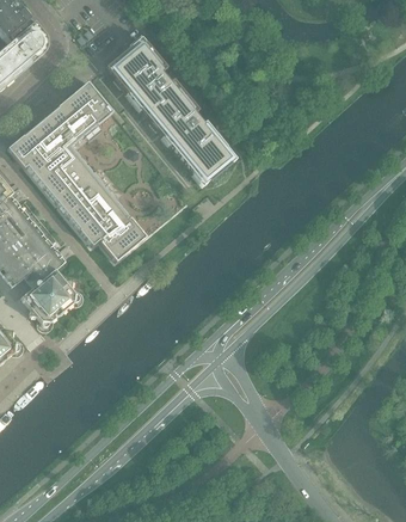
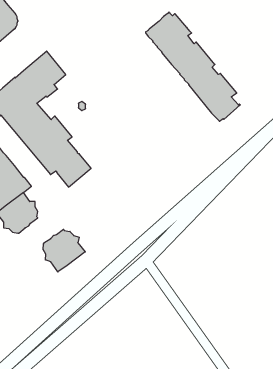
building: [104,38,229,183] -> [146,12,240,121]
building: none -> [43,229,85,272]

